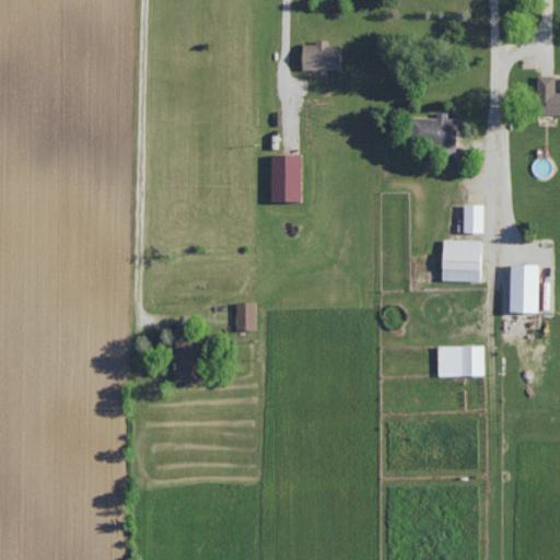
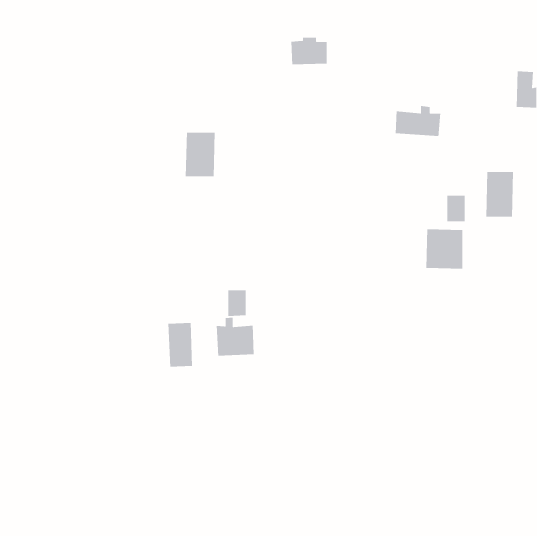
building: [270,155,302,202] -> [185,132,215,177]
building: [510,265,539,313] -> [485,171,514,218]
building: none -> [216,317,254,357]
building: [438,346,483,377] -> none

